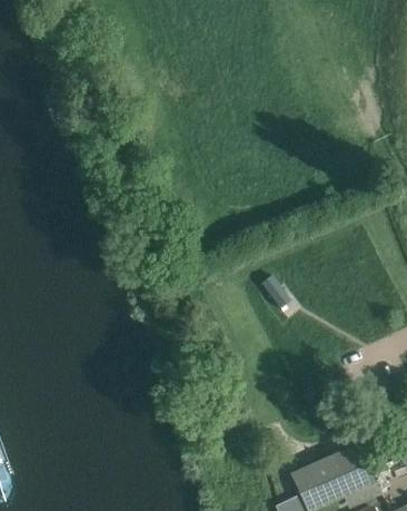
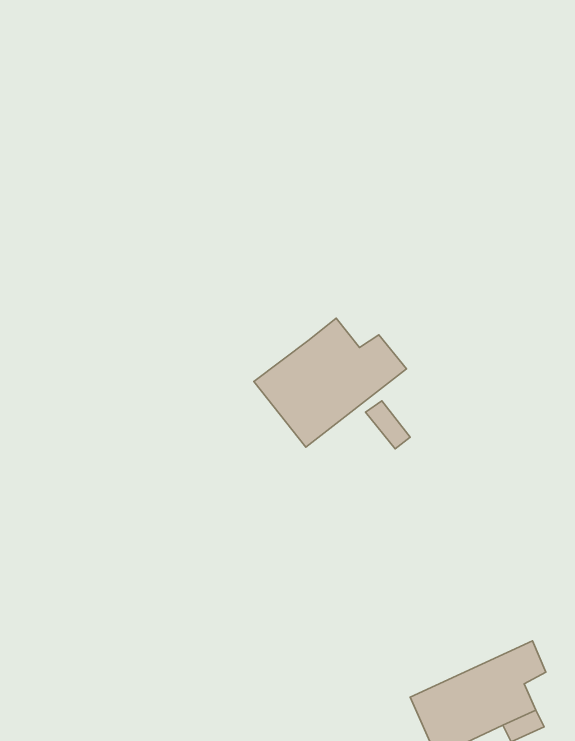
building: none -> [254,318,407,447]

